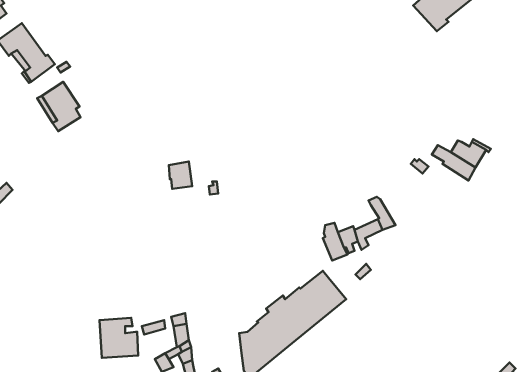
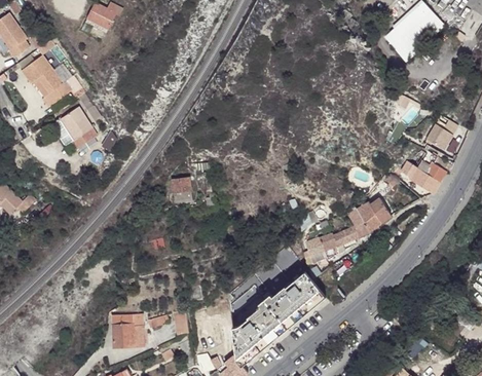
building: none -> [424,120,454,154]
building: none -> [356,198,391,231]

